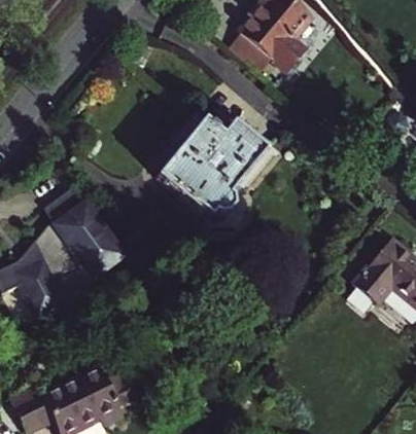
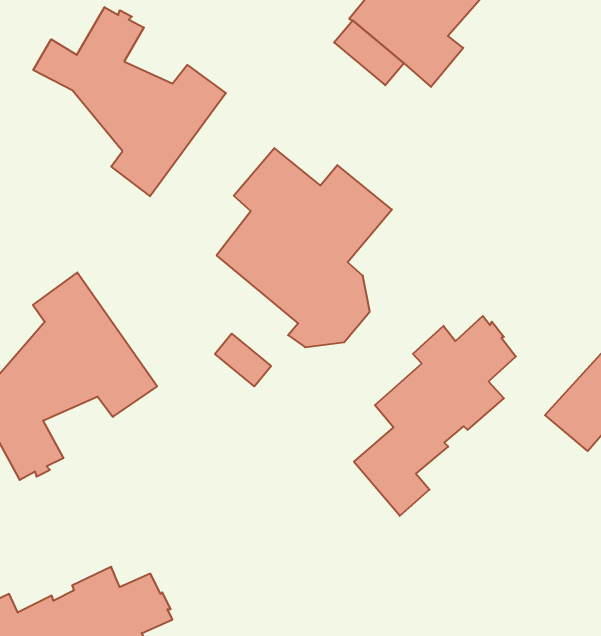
building: none -> [33,7,226,196]
building: none -> [354,316,516,516]

